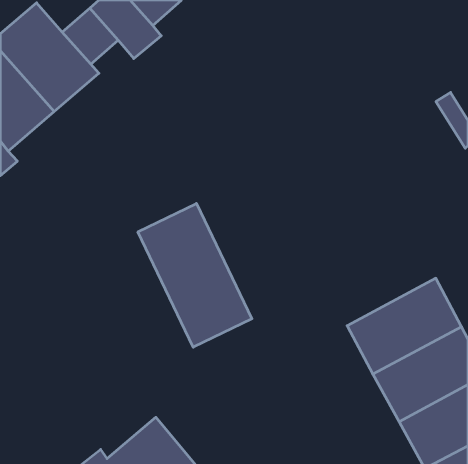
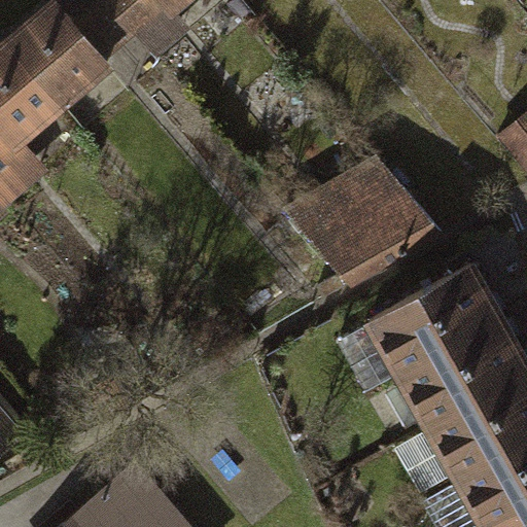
building: none -> [272,159,431,277]
building: [138,203,252,347] -> none
building: none -> [361,264,490,371]

